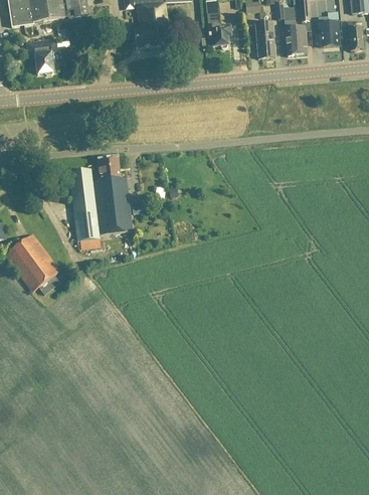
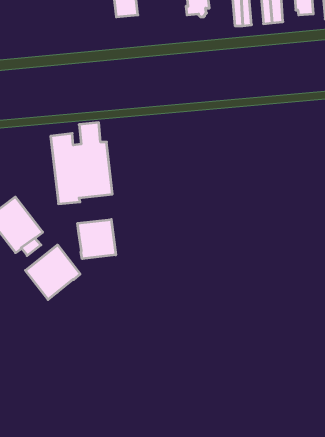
building: [28,38,56,73] -> none
building: none -> [78,219,116,259]
building: none -> [25,245,80,300]

